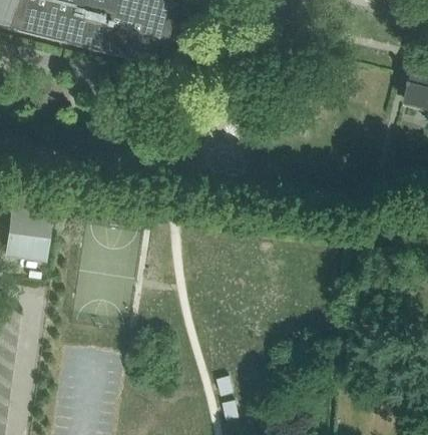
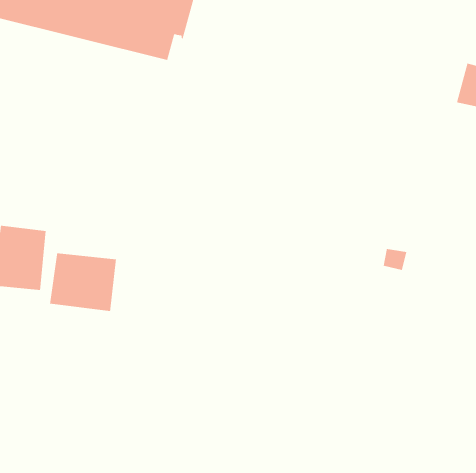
building: none -> [50,252,116,312]

